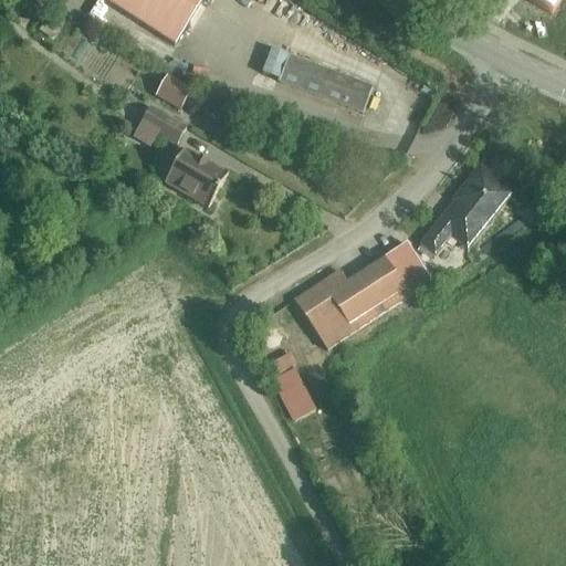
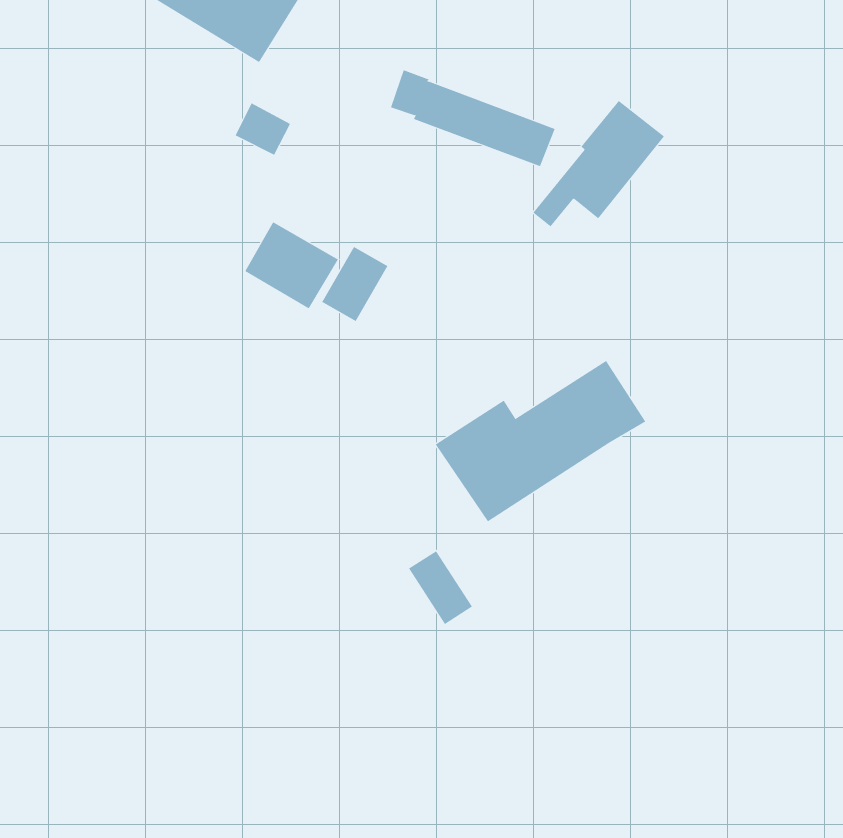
building: [138,106,185,144] -> none
building: none -> [321,246,388,322]
building: [421,167,510,252] -> [533,100,665,227]

